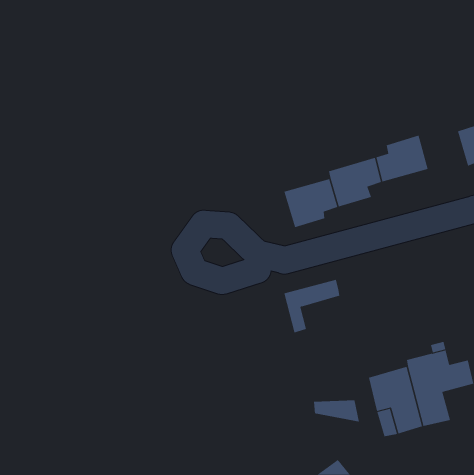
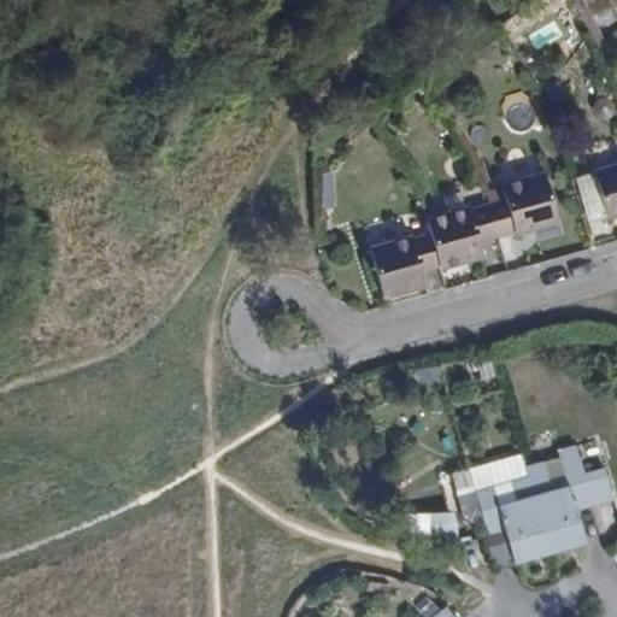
building: [284,279,340,333] -> [456,453,529,523]

